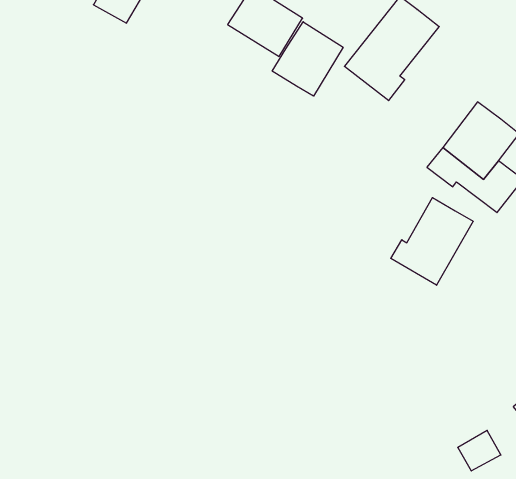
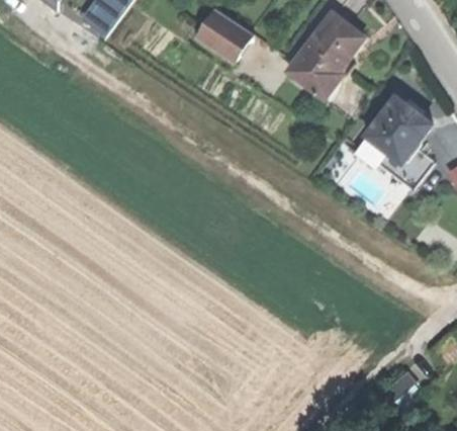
building: [272,22,343,96] -> none
building: [391,198,473,285] -> none

